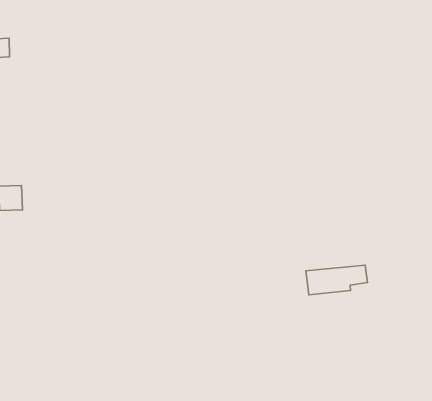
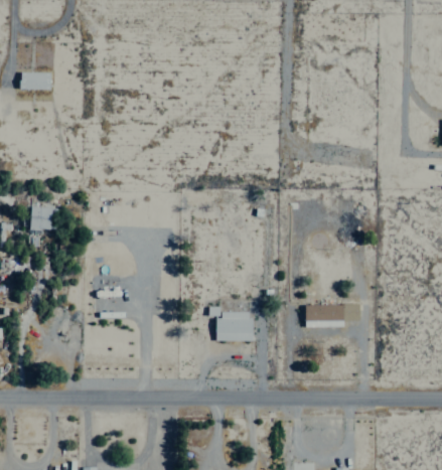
building: none -> [217,312,253,341]

